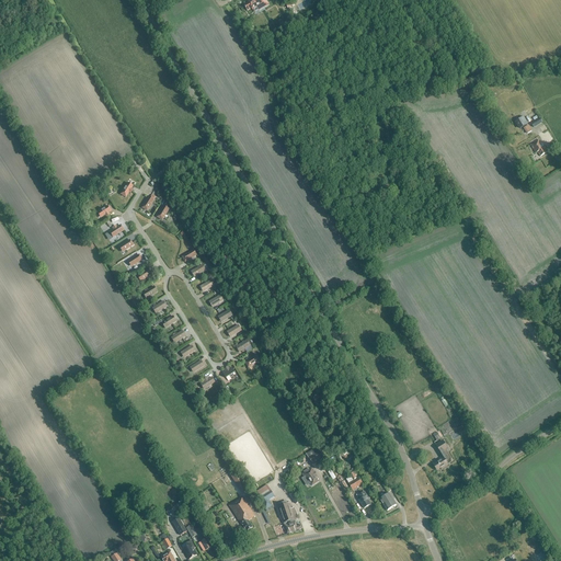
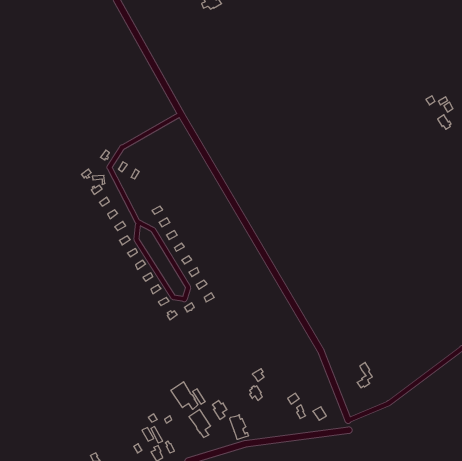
building: none -> [171,382,198,409]

